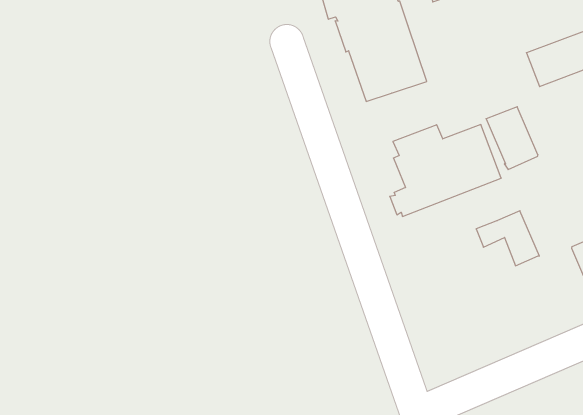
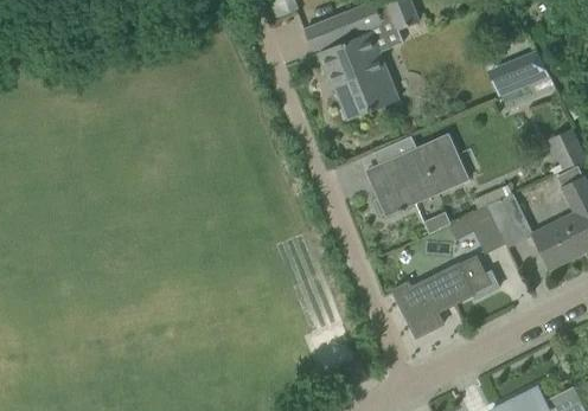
building: [486,107,538,170] -> [486,194,532,249]
building: none -> [391,255,499,338]

